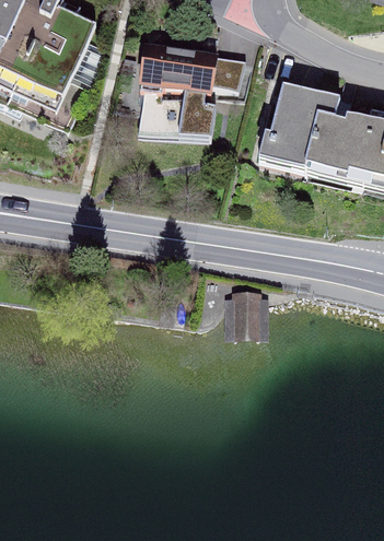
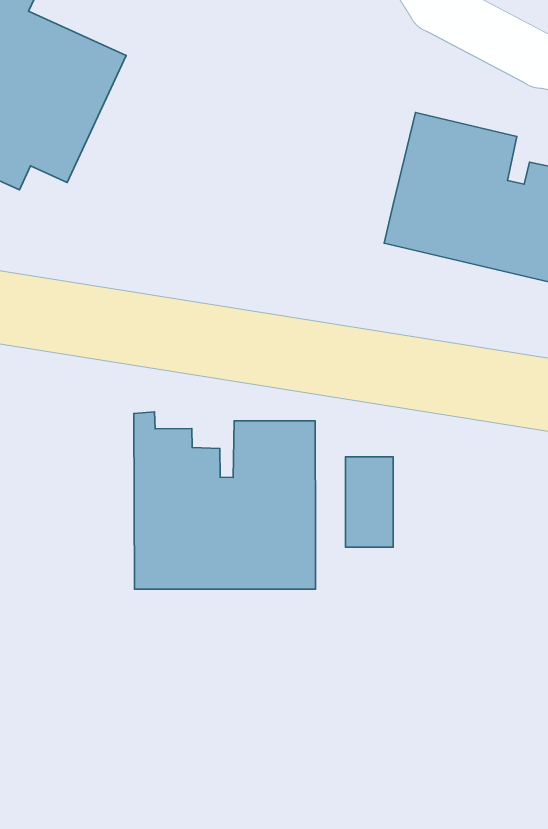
building: [137,42,253,134] -> none
building: none -> [134,412,316,589]

